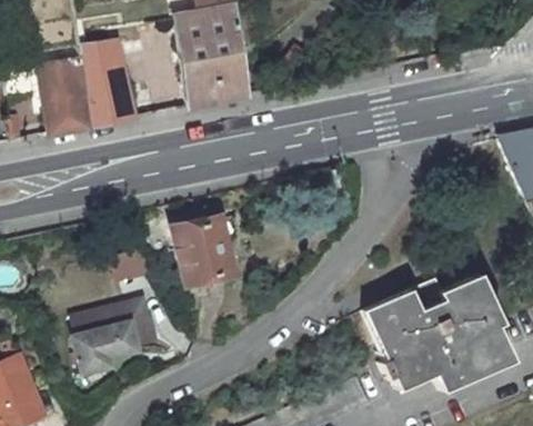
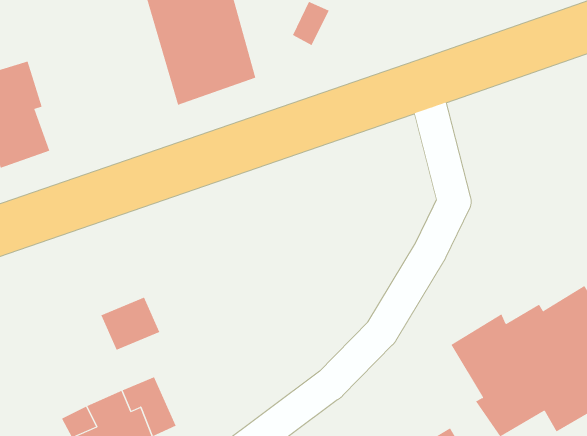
building: [83,40,135,126] -> none
building: [174,218,233,279] -> none

